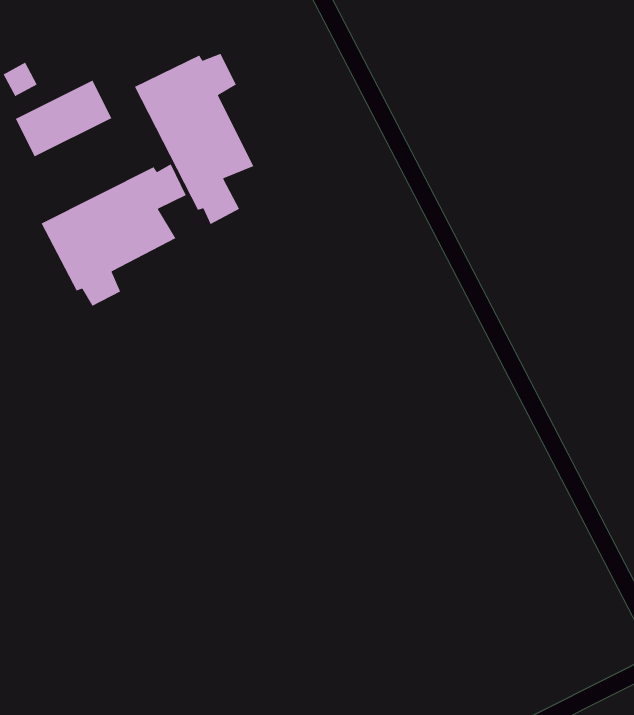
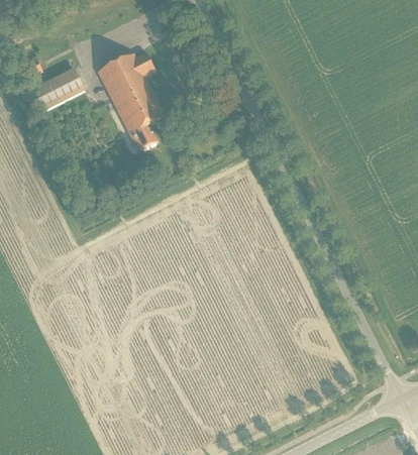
building: [40,163,187,307] -> none

